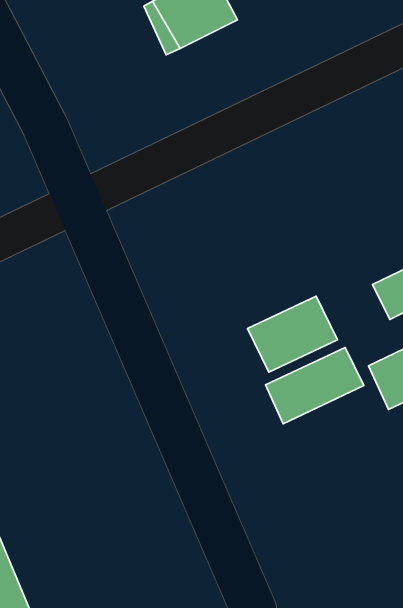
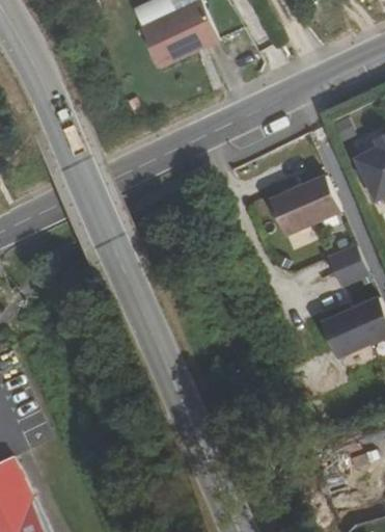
building: [247,296,337,372] -> [268,174,342,237]
building: [265,348,364,424] -> none

